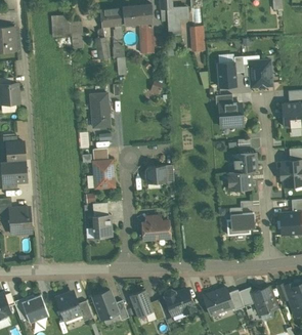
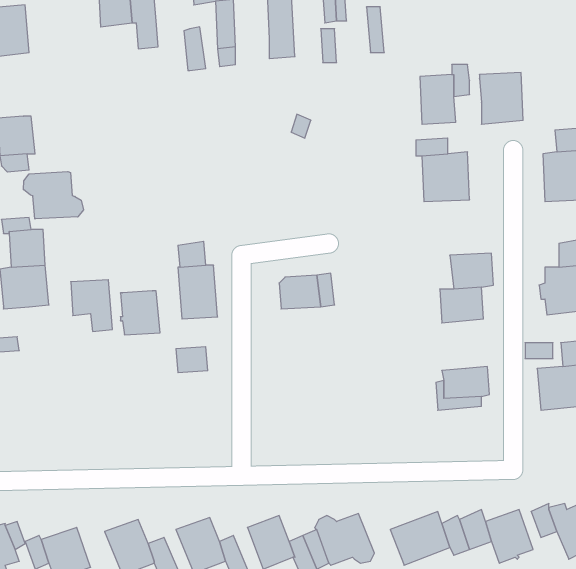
building: [90,92,110,127] -> none
building: none -> [23,172,83,219]
building: [9,206,31,233] -> [71,280,112,331]
building: [92,214,113,237] -> [120,291,160,335]
building: [142,220,171,239] -> none

